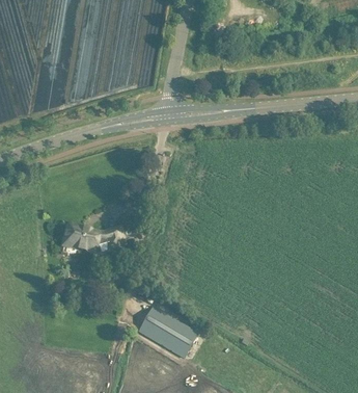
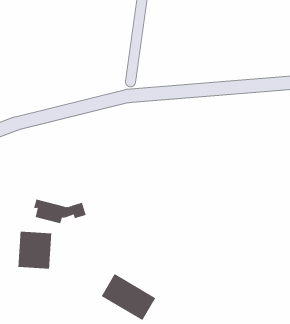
building: none -> [18,231,52,269]

